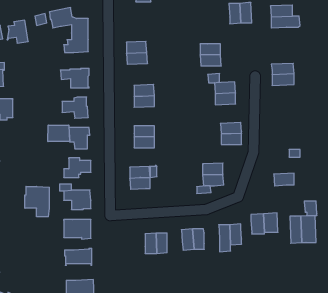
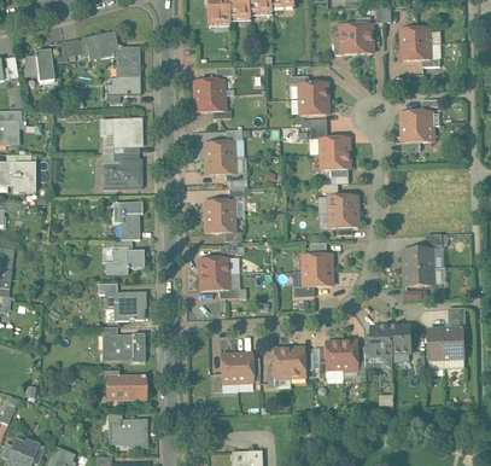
building: [48,125,69,142] -> none
building: none -> [403,247,433,268]
building: [25,186,49,217] -> none

